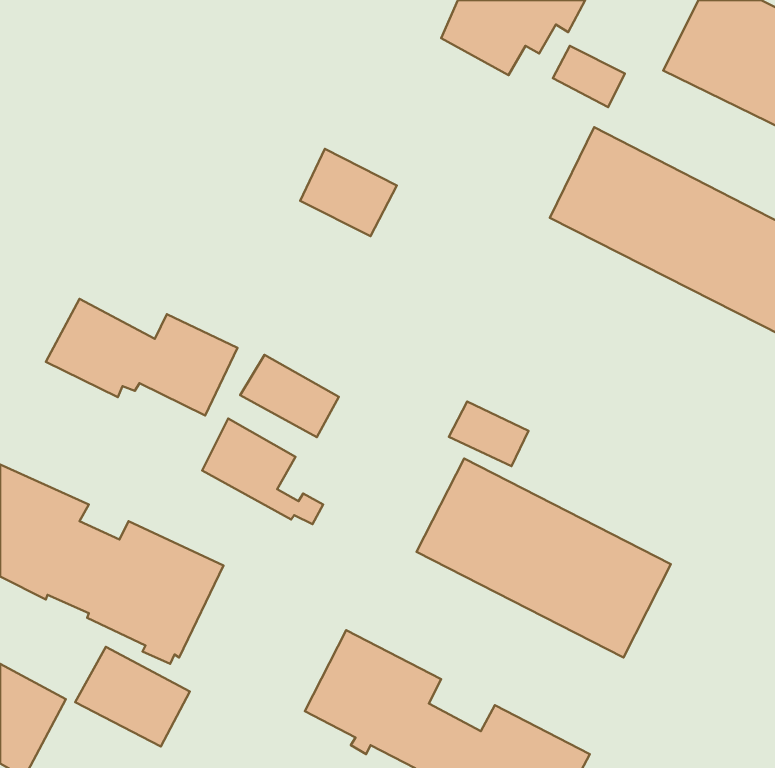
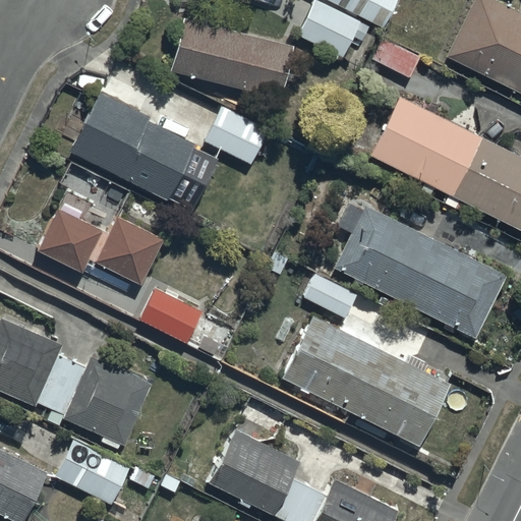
building: none -> [170,17,294,100]
building: none -> [68,94,195,200]
building: none -> [335,202,509,340]
building: [240,355,339,437] -> none

